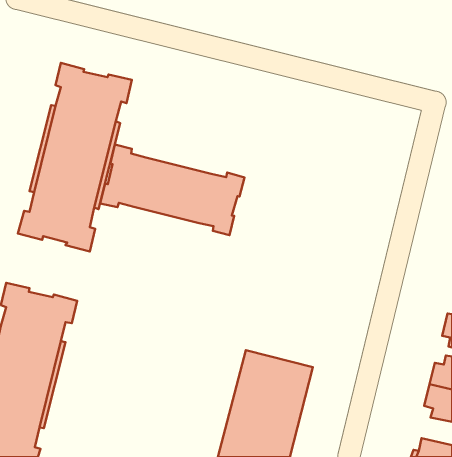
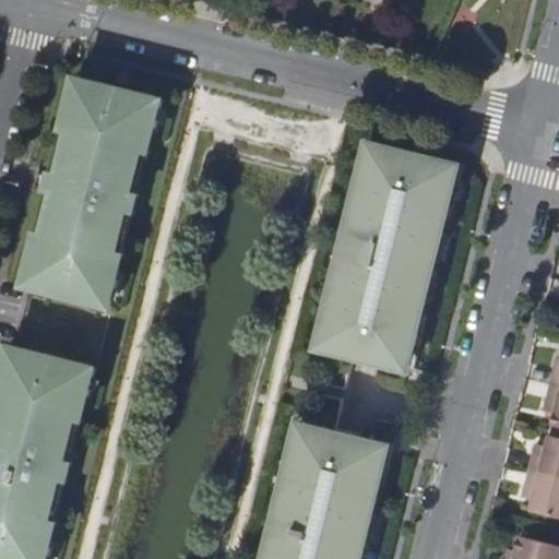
building: none -> [320,145,451,362]
building: [100,145,245,235] -> none

